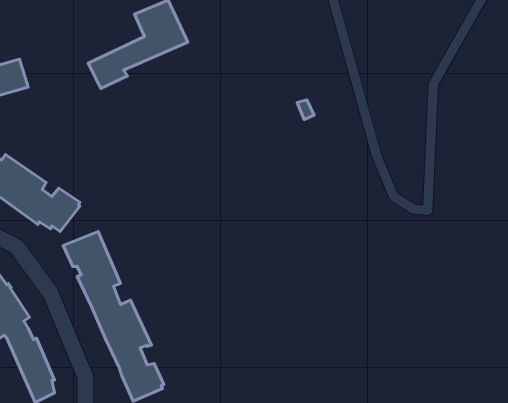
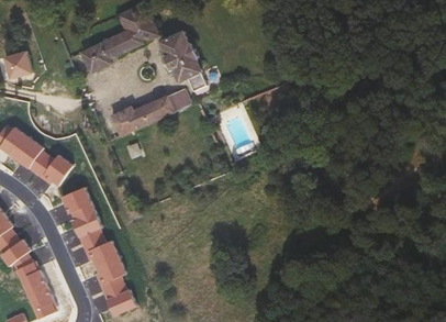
building: none -> [159,32,204,92]
building: none -> [109,88,189,136]

